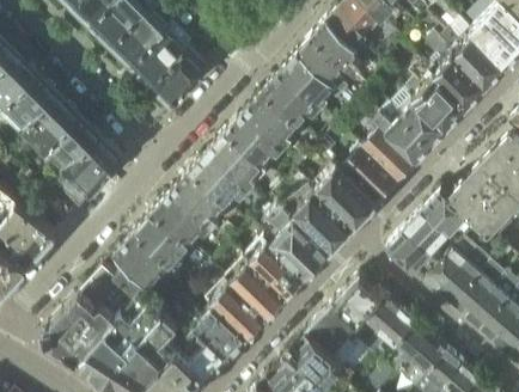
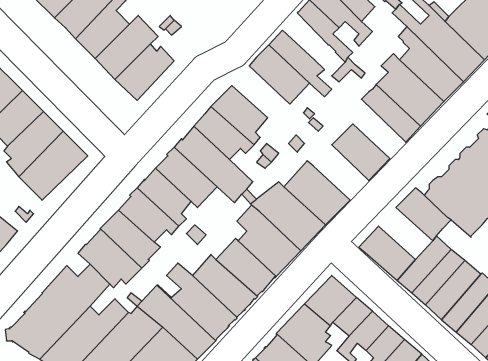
building: [311,23,365,79] -> none
building: [262,74,318,124] -> none
building: [372,106,431,164] -> none
building: [341,147,395,204] -> none
building: [404,212,457,262] -> none

